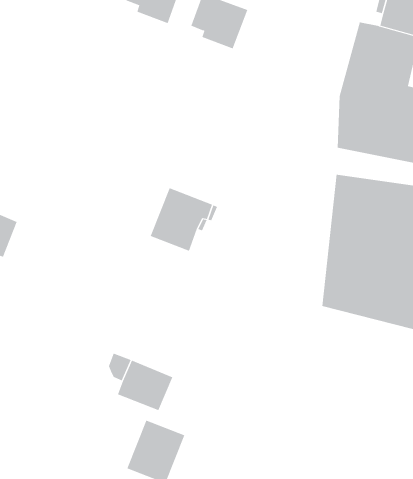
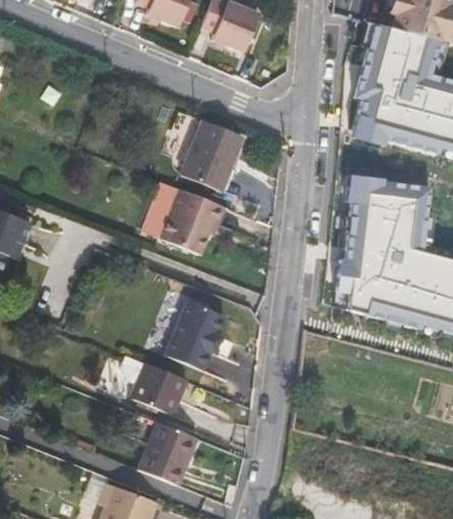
building: none -> [182,121,243,190]
building: none -> [141,180,182,237]
building: none -> [164,298,224,368]

